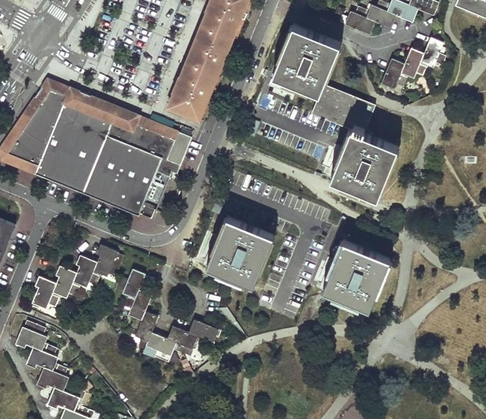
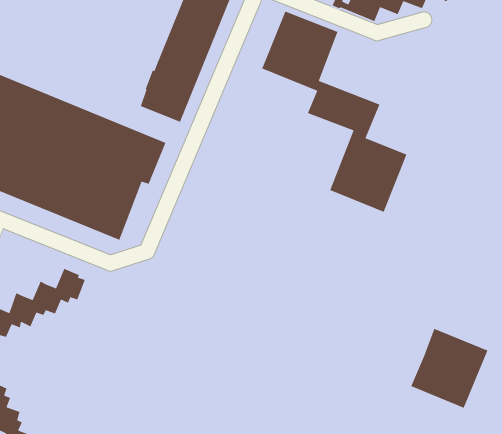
building: [380,38,445,89] -> none
building: [206,217,273,287] -> none
building: [322,241,389,310] -> [410,328,489,409]
building: [117,268,221,361] -> none

